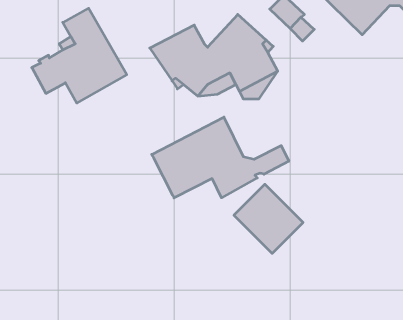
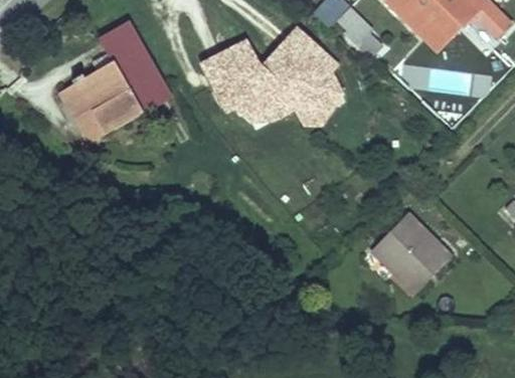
building: none -> [59,87,115,142]
building: [152,117,289,198] -> none
building: [234,184,303,253] -> [372,213,451,292]

